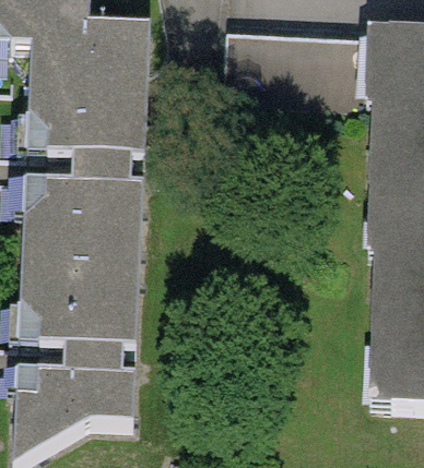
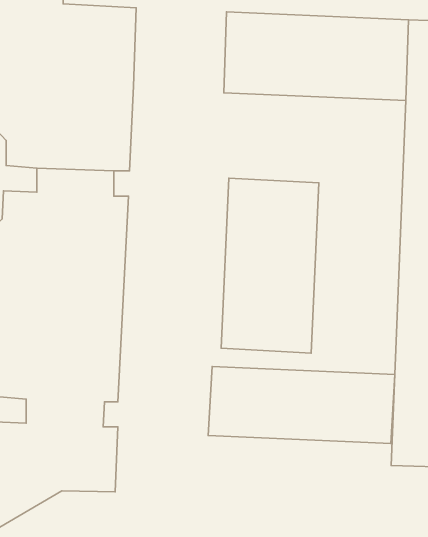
building: none -> [221,178,319,353]
building: none -> [208,366,395,444]

